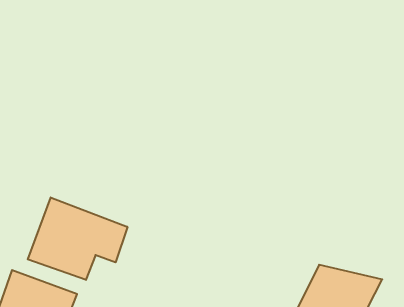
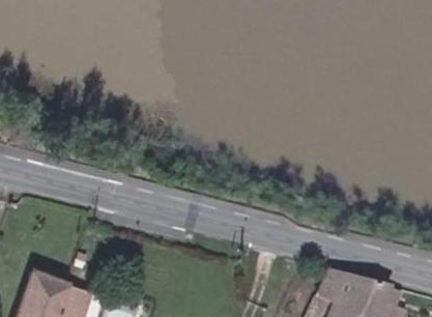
building: [28,197,127,280] -> none

